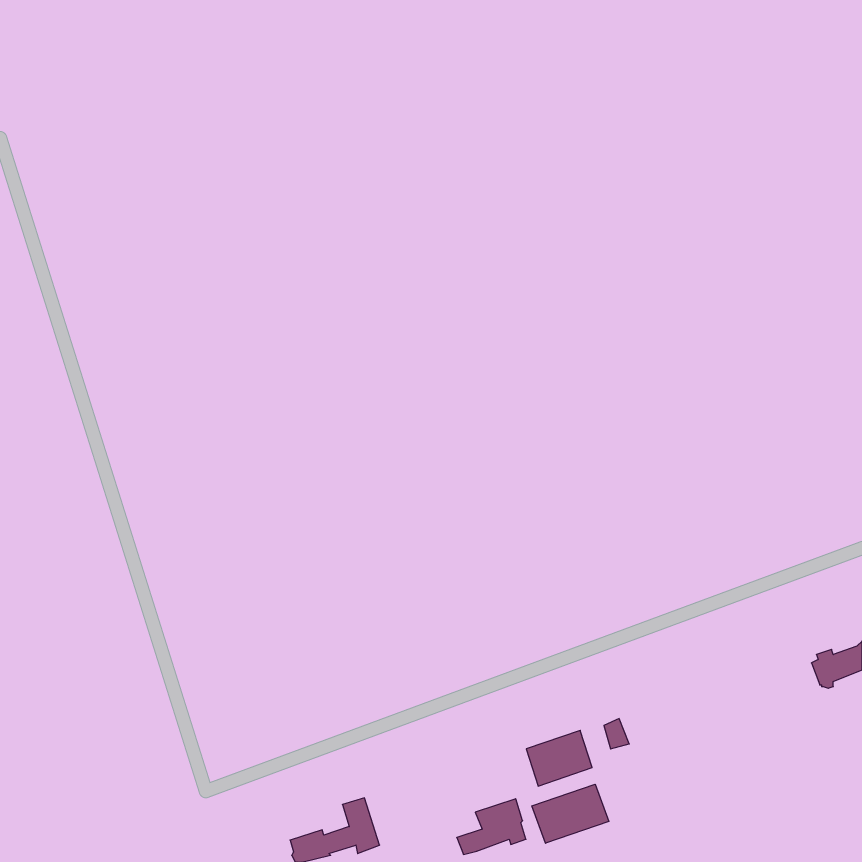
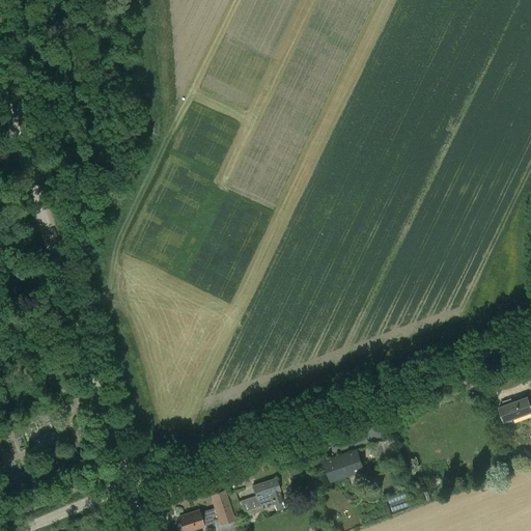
building: [532,784,609,843] -> none
building: [457,799,526,854] -> [240,477,282,511]

